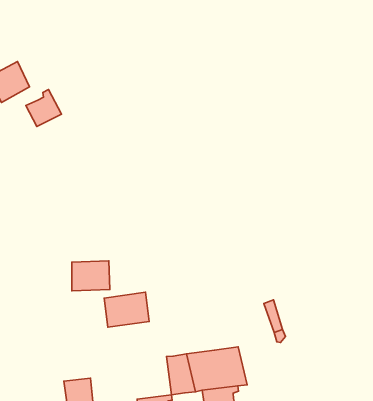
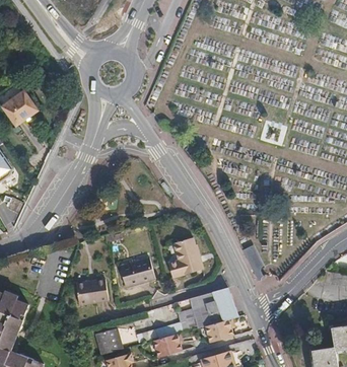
building: [26,89,61,127] -> none
building: [72,261,110,291] -> [74,277,107,304]
building: none -> [165,235,202,277]

